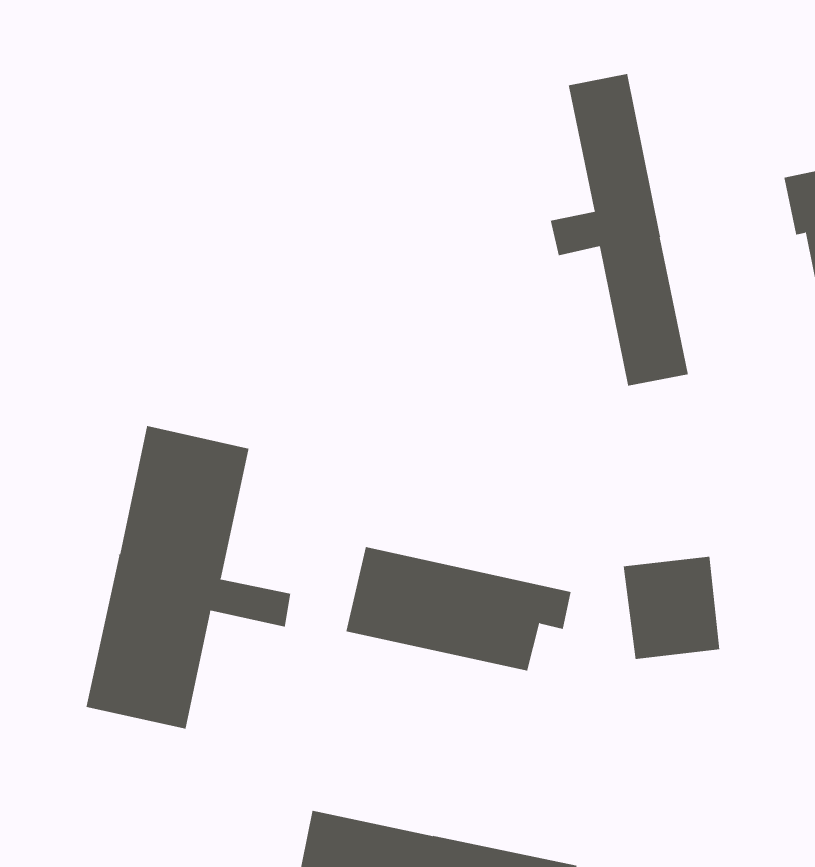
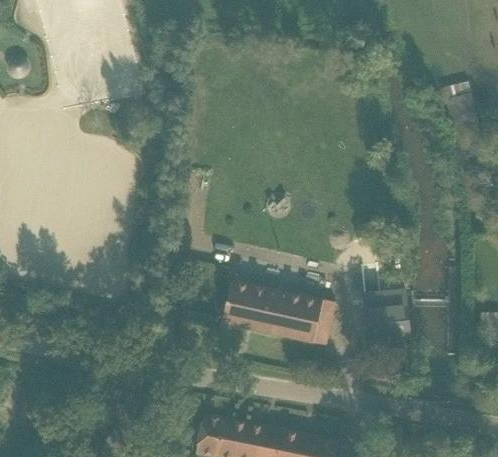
building: [550,73,689,387] -> none
building: [86,425,291,730] -> none

